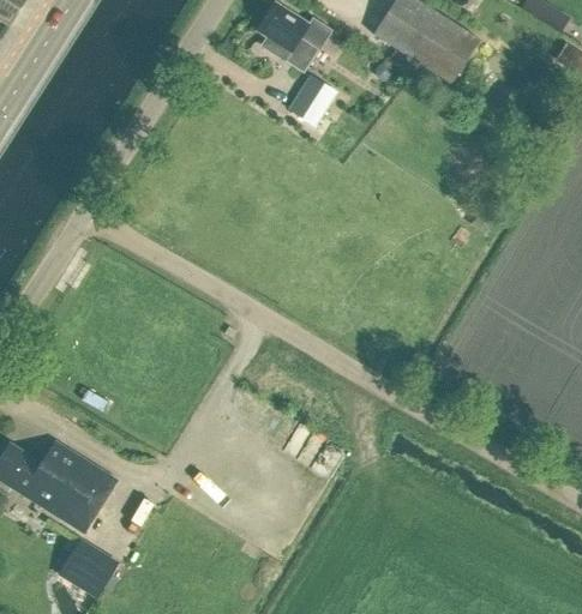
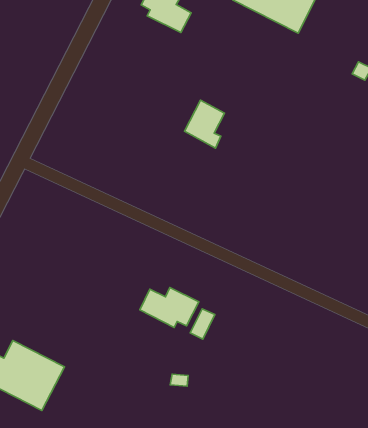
building: [283,74,336,137] -> [185,100,225,148]
building: none -> [140,287,199,328]

